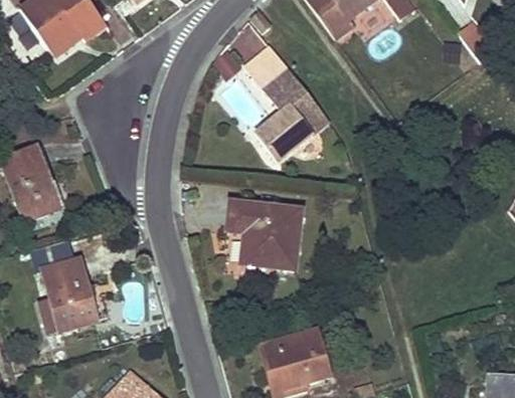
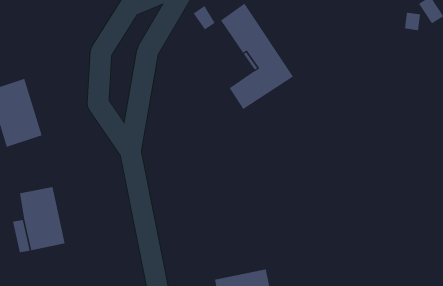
building: [228,203,301,268] -> none

